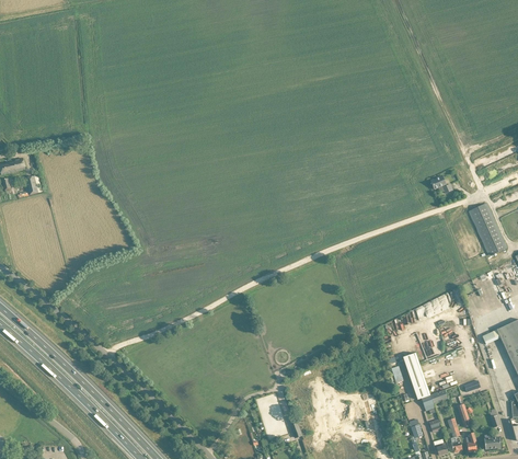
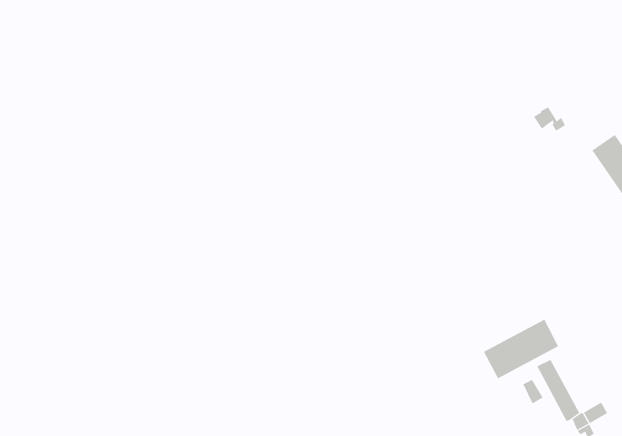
building: none -> [483,319,559,379]

